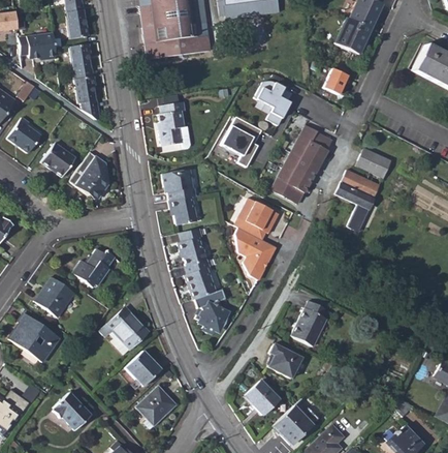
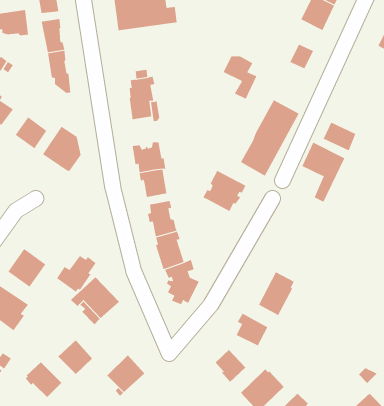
building: [222,117,262,167] -> none
building: [235,228,277,279] -> none
building: [74,248,116,286] -> [56,255,97,292]
building: [125,351,161,387] -> [57,339,93,375]

